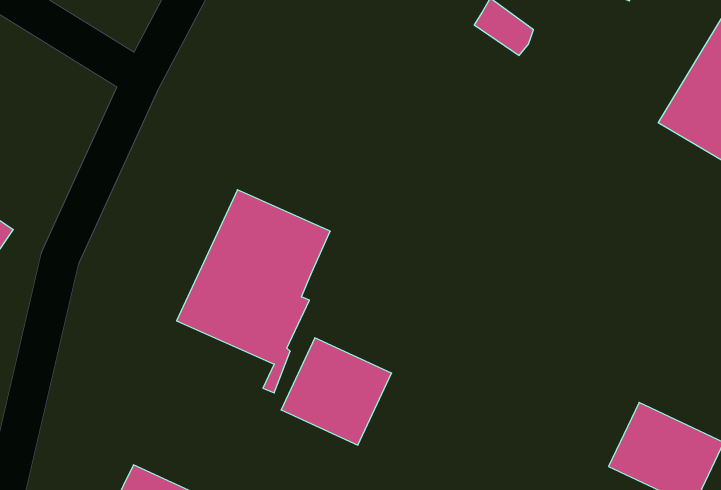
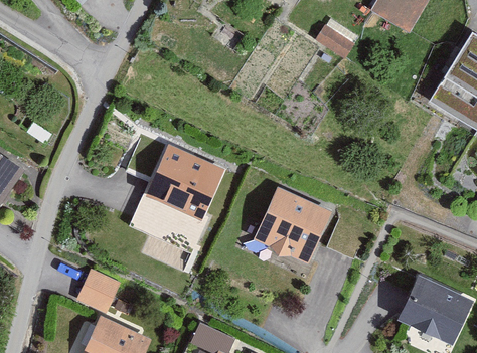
building: [281,338,392,445] -> [258,192,327,259]
building: none -> [78,269,118,309]

